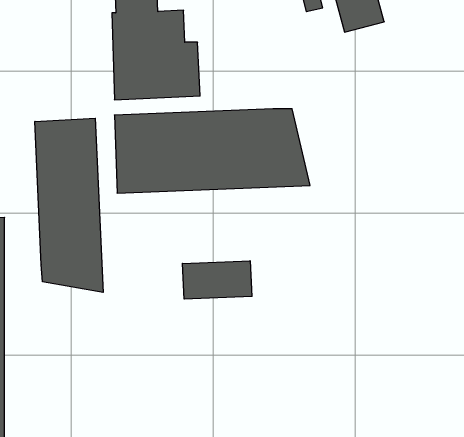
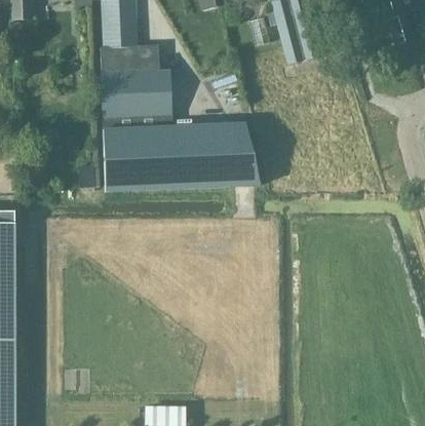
building: [35,118,103,292] -> none
building: [182,261,252,299] -> none

